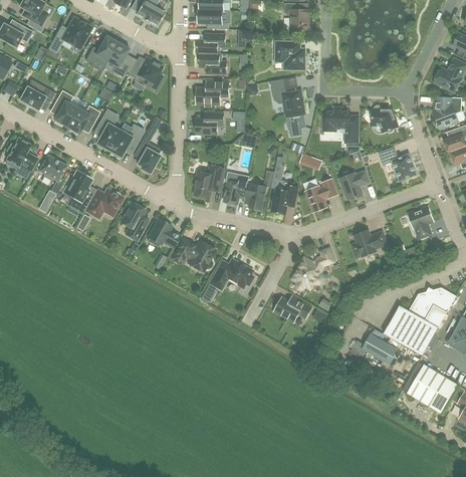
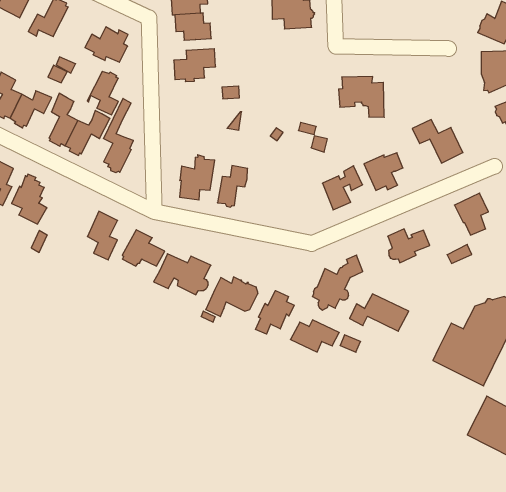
building: [104,42,130,76] -> [87,71,118,115]
building: [270,78,306,137] -> none
building: [371,104,399,134] -> none
building: [196,112,224,134] -> none
building: [271,179,298,214] -> none
building: [245,184,266,210] -> none
building: [85,188,124,218] -> none
building: none -> [255,291,294,334]
building: [352,333,398,364] -> [350,294,409,331]

